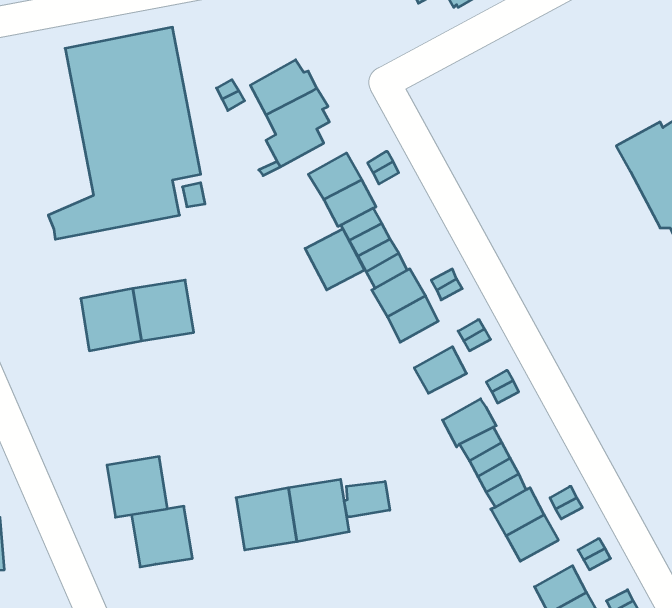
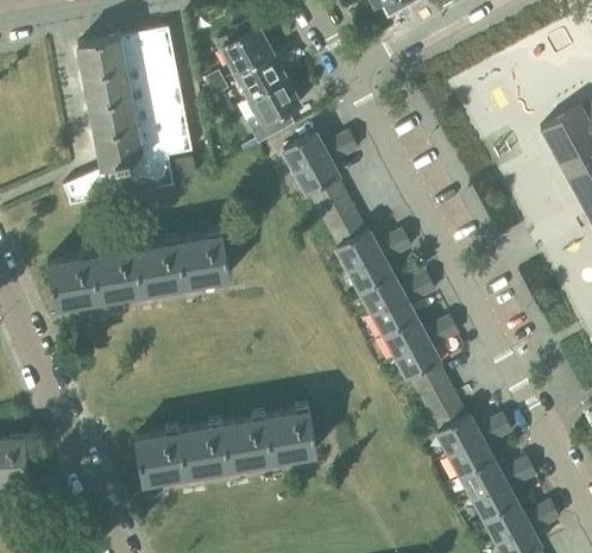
building: none -> [215,27,272,76]
building: [305,229,364,290] -> none
building: none -> [180,233,231,284]
building: none -> [48,256,99,307]
building: none -> [360,275,404,314]
building: none -> [384,319,428,358]
building: [107,457,168,517] -> [178,423,229,475]
building: [344,481,390,517] -> none
building: none -> [461,459,505,498]

